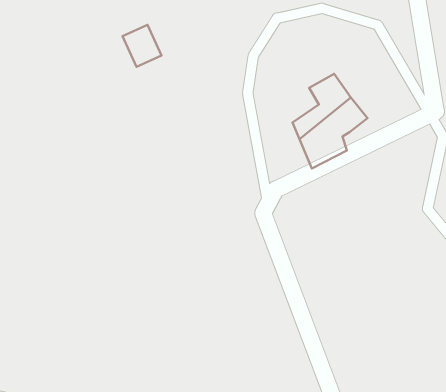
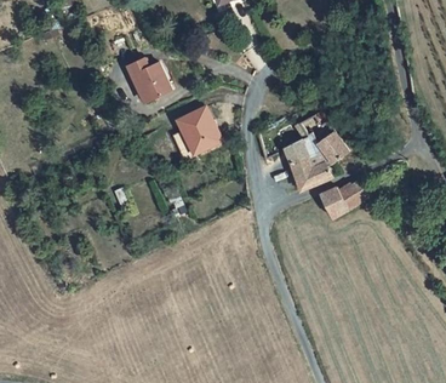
building: none -> [177,107,222,159]
building: none -> [321,178,368,215]

